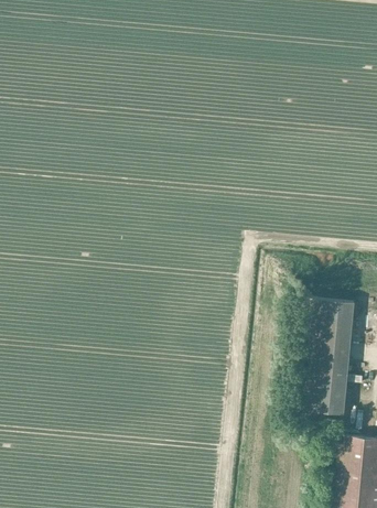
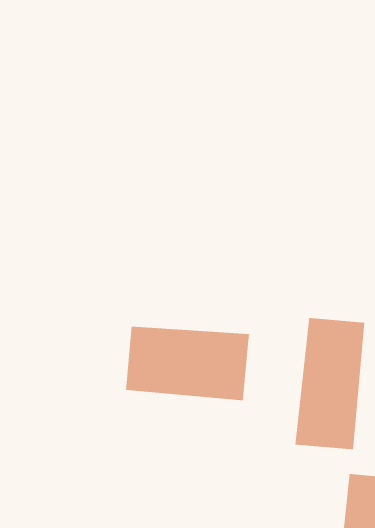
building: none -> [126,326,249,401]

